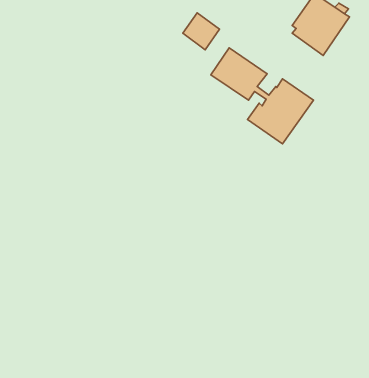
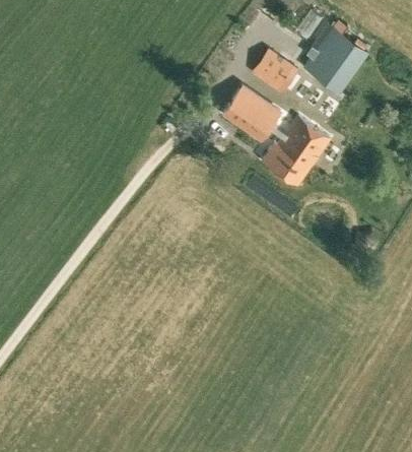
building: [183,13,220,50] -> [253,49,291,87]

